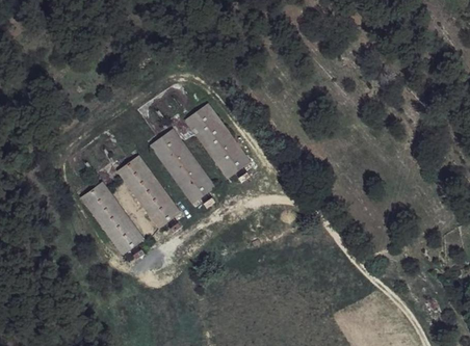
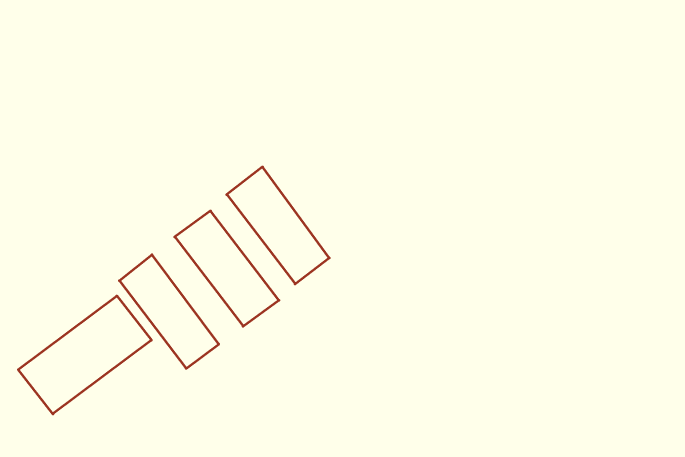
building: [183,102,251,177] -> none
building: none -> [18,296,151,414]

